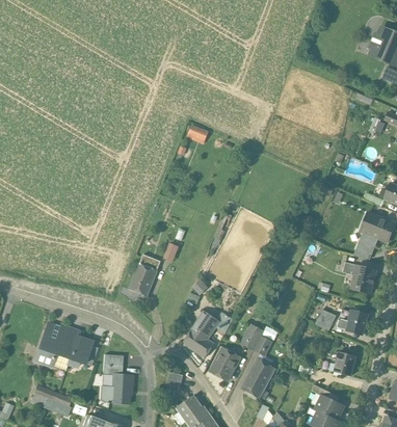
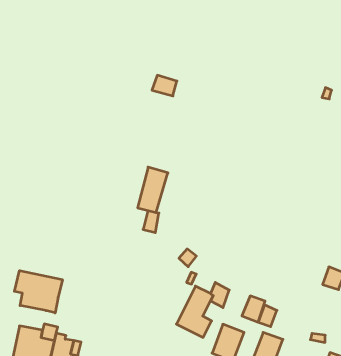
building: [131,255,161,295] -> [138,167,168,213]
building: none -> [14,271,62,313]

